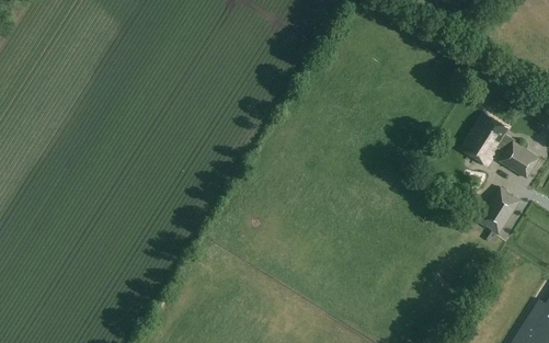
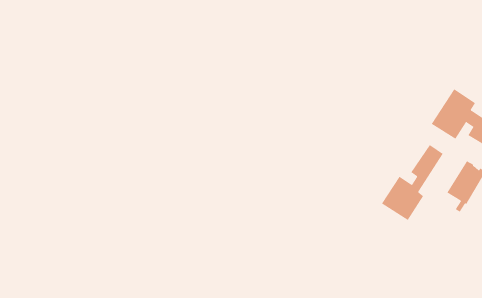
building: none -> [381,144,443,221]

